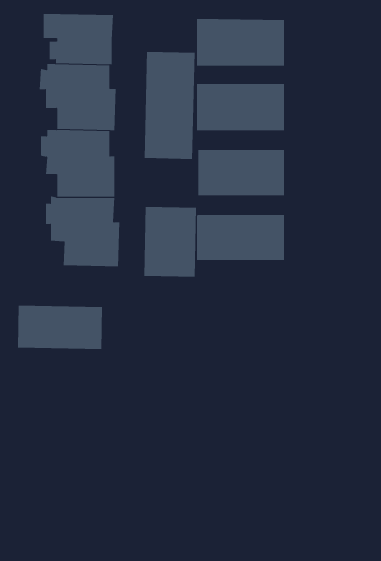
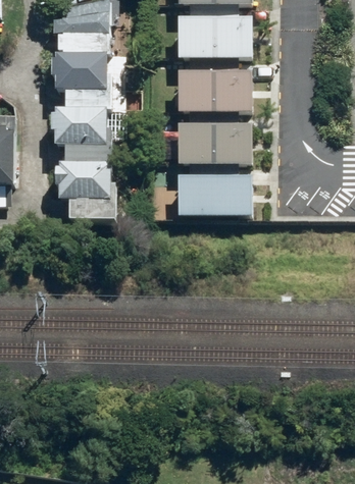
building: [144,51,195,160] -> none
building: [144,206,196,278] -> none
building: [17,305,103,350] -> none

